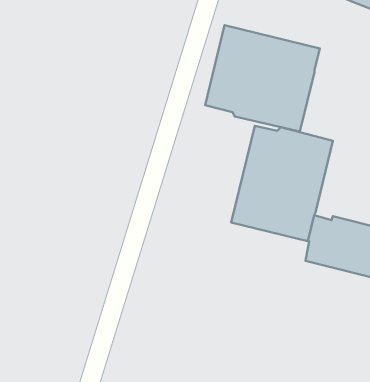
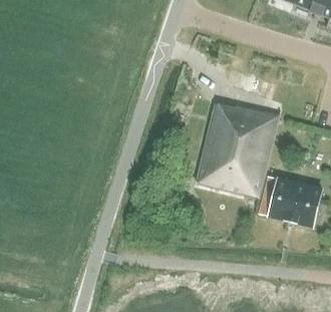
building: [205,25,320,132] -> none

